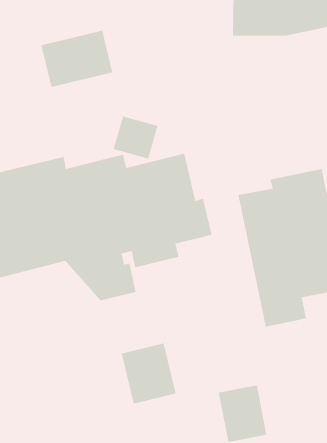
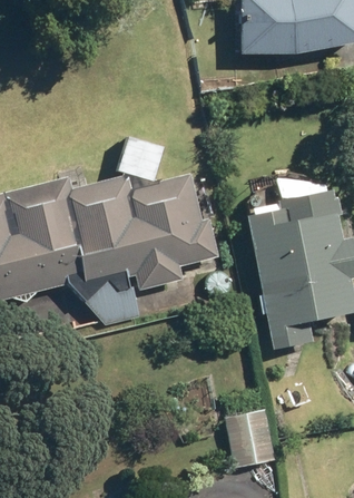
building: [41,30,113,88] -> none
building: [121,342,177,404] -> none

